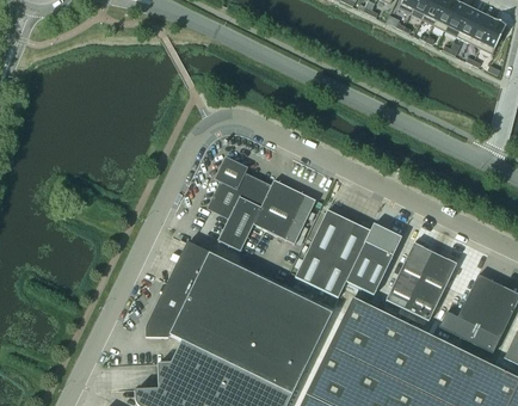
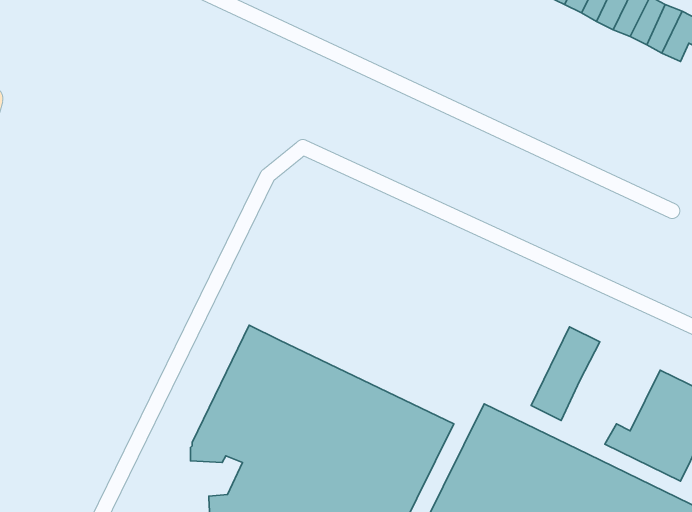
building: [208,156,316,252] -> none
building: [296,211,402,299] -> none
building: [408,254,457,321] -> none

